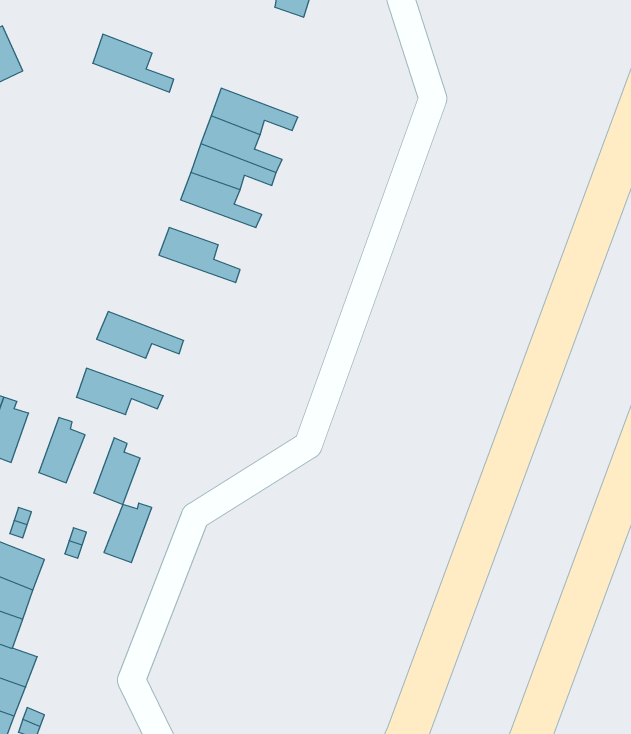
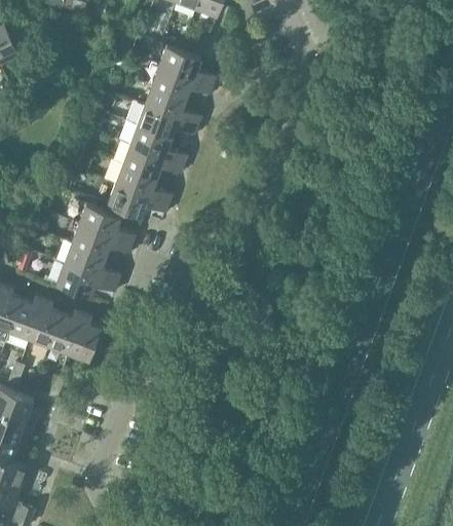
building: [93,34,174,92] -> [158,46,216,87]
building: none -> [121,146,183,178]
building: none -> [107,185,168,218]
building: none -> [78,204,136,246]
building: none -> [63,245,120,285]
building: none -> [9,297,43,339]
building: [104,503,152,563] -> [48,311,82,353]

